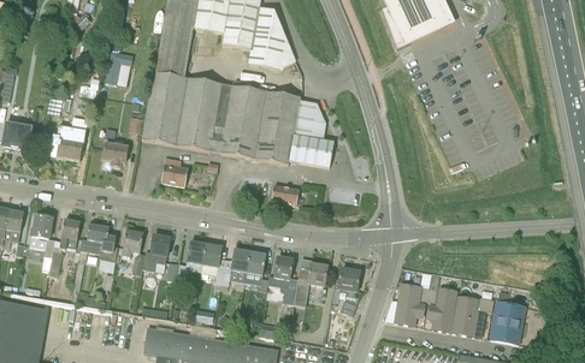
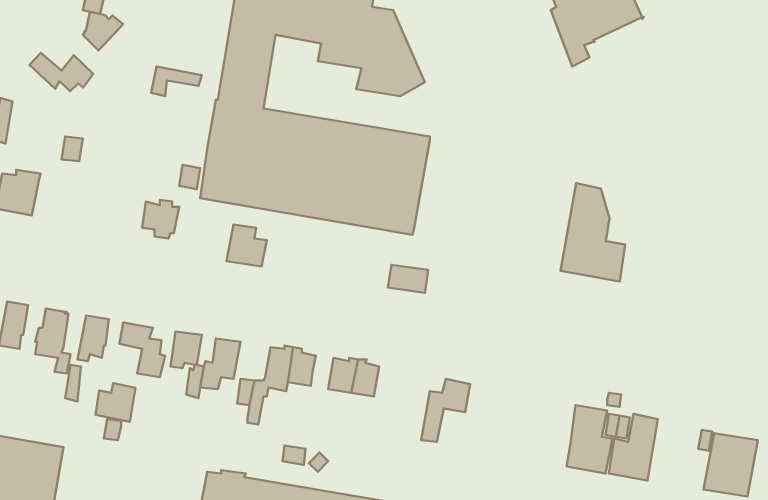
building: none -> [29,53,93,91]
building: [289,100,333,167] -> [560,183,625,281]
building: [54,133,84,161] -> none
building: [267,257,300,305] -> none
building: none -> [96,383,135,422]
building: [338,269,360,316] -> none
building: [450,294,479,338] -> none

